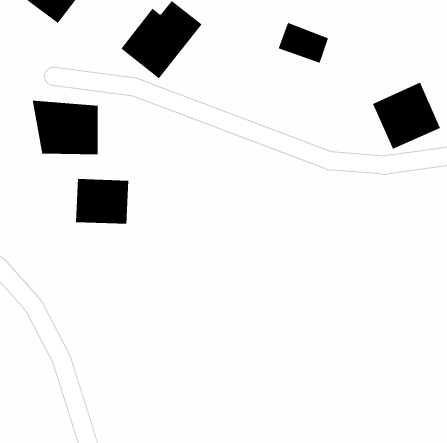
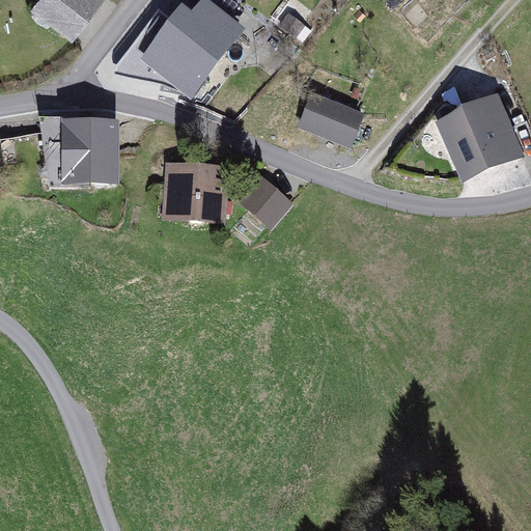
building: [278,22,329,64] -> [303,94,363,143]
building: none -> [239,174,289,223]
building: [75,179,129,224] -> [167,167,230,221]

